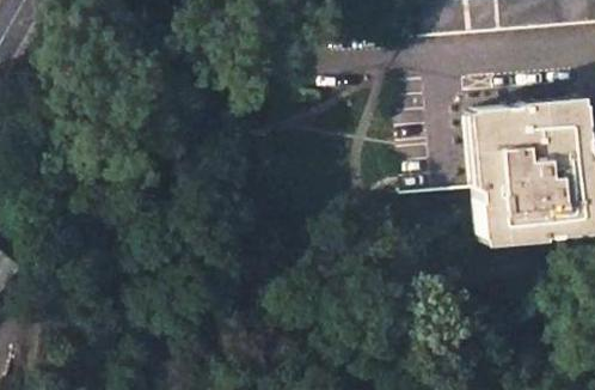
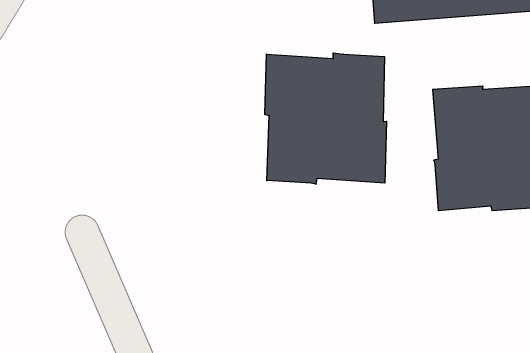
building: none -> [265,53,386,184]

